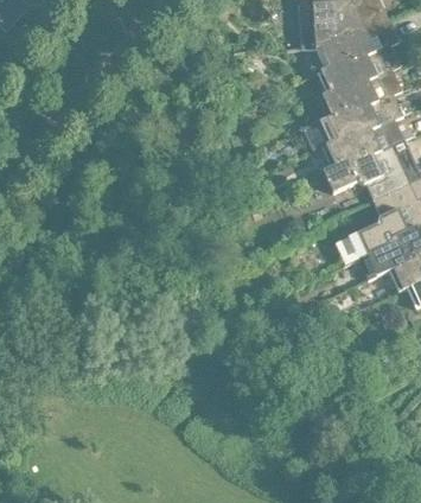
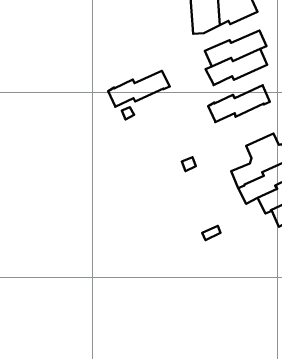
building: [315,20,398,69] -> none
building: [320,95,403,144] -> [108,71,170,107]
building: [323,144,409,200] -> none

